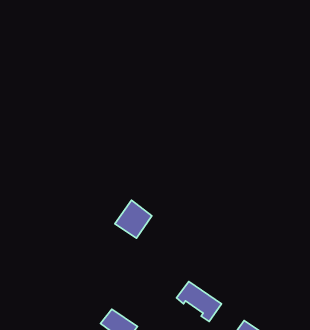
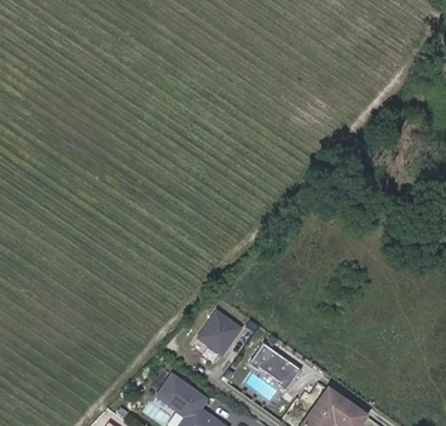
building: [115,200,152,238] -> [197,311,241,356]

